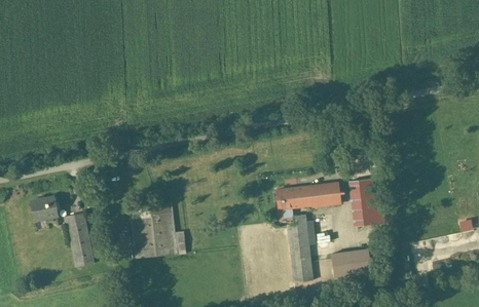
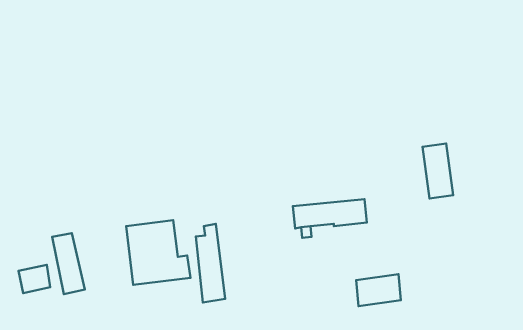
building: [351,178,377,226] -> [423,143,453,199]
building: [31,196,59,221] -> [19,265,50,293]
building: [288,214,314,282] -> [196,224,225,302]

